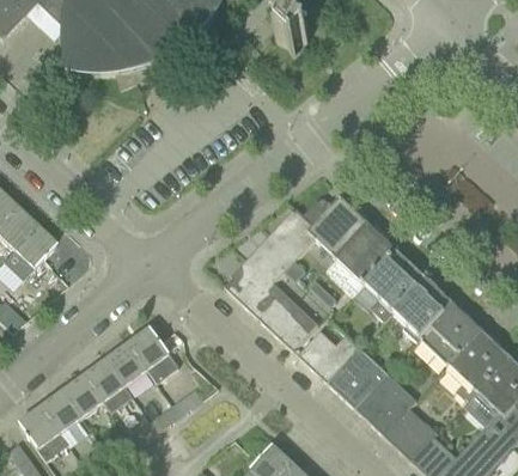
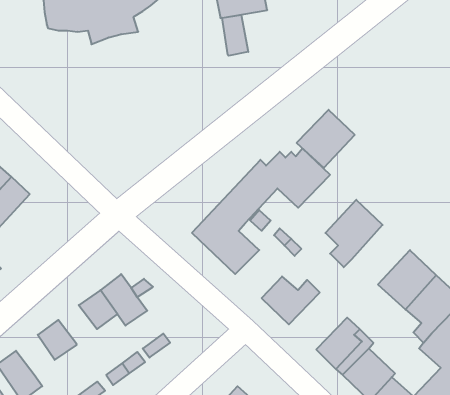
building: none -> [222,15,248,56]
building: [335,224,396,285] -> [297,110,355,168]
building: [391,276,452,341] -> none
building: [270,303,316,349] -> none
building: [325,347,386,407] -> none
building: [84,360,132,411] -> none
building: [39,391,80,433] -> none

